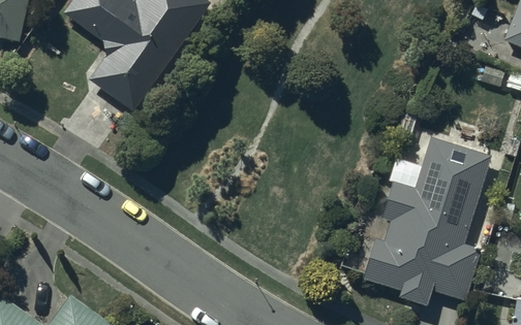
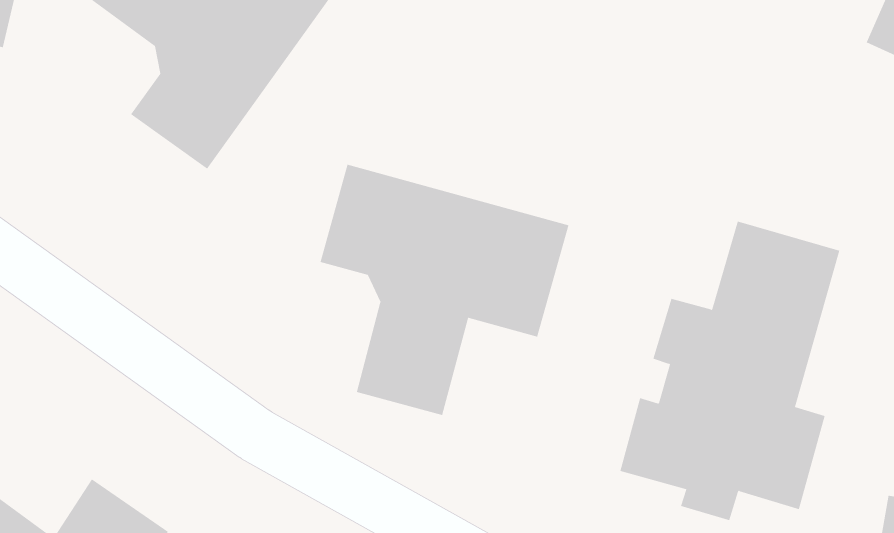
building: none -> [320,164,569,416]

